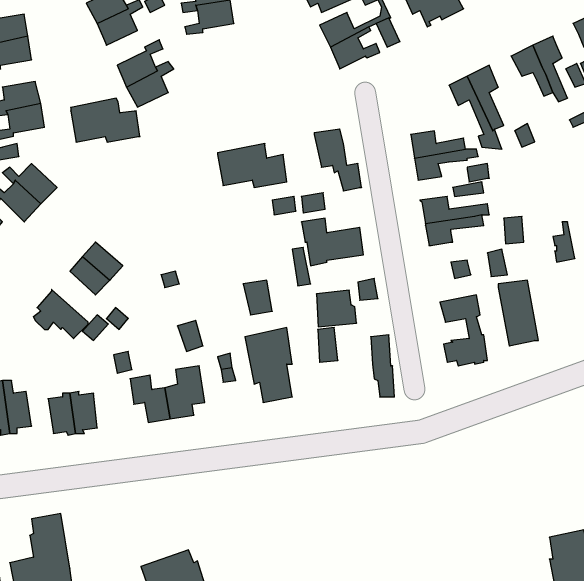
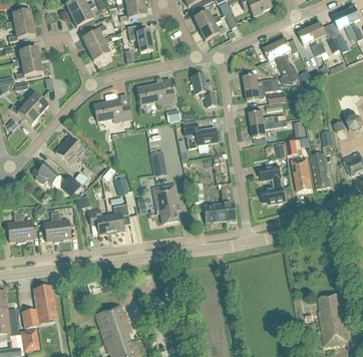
building: none -> [126,23,151,51]
building: [71,98,140,142] -> [93,96,131,120]
building: none -> [310,150,331,189]
building: [316,290,357,327] -> [204,202,226,222]

